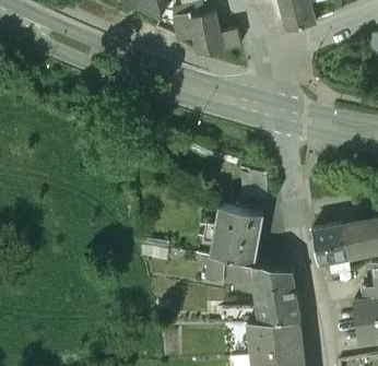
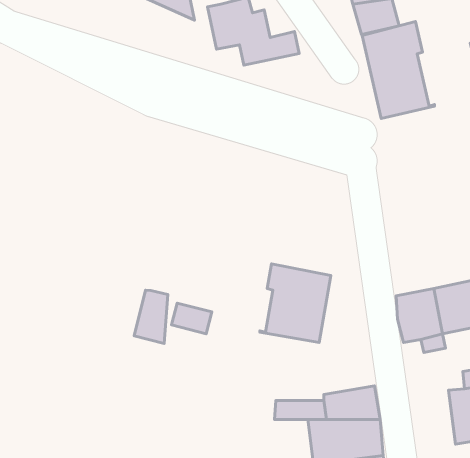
building: none -> [362,22,435,118]
building: none -> [134,290,168,343]
building: [208,256,297,303] -> none

